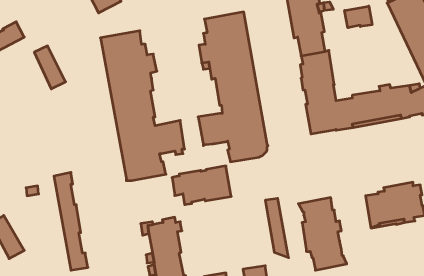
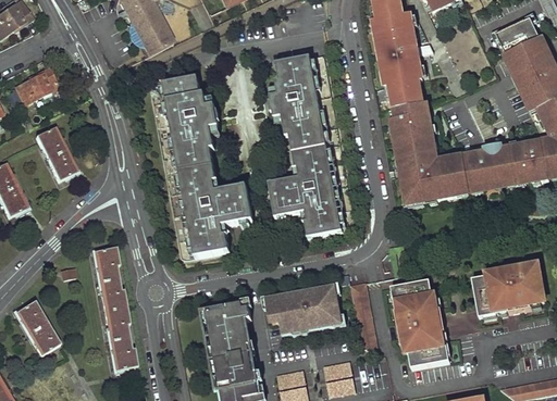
building: [345,6,372,28] -> none
building: [34,46,66,89] -> [37,126,75,178]
building: [172,166,231,205] -> [269,287,341,334]

